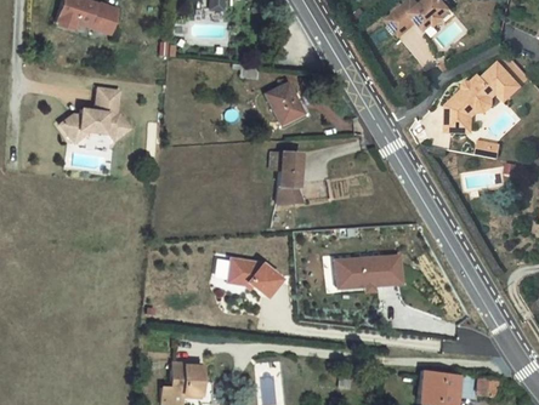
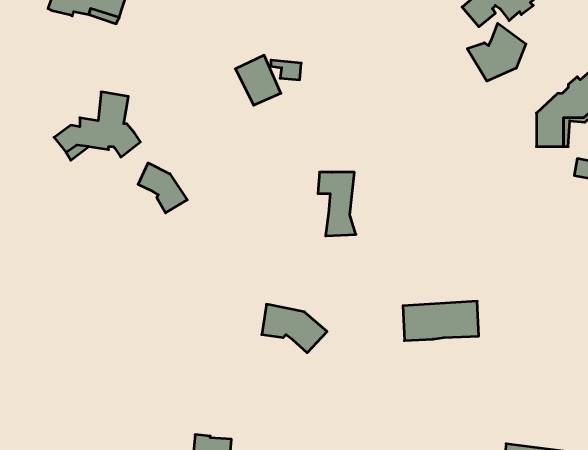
building: none -> [467,23,526,81]
building: [266,82,302,122] -> [235,55,281,105]
building: none -> [138,163,187,213]

